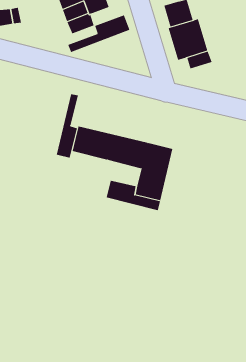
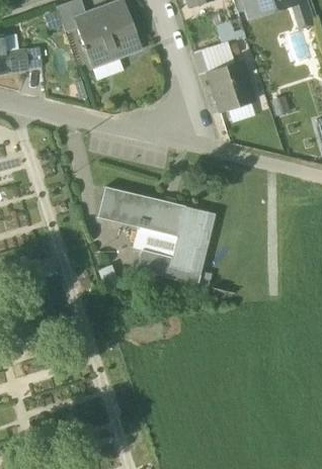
building: [67,15,130,53] -> none
building: [56,93,78,159] -> none
building: none -> [134,225,177,256]

